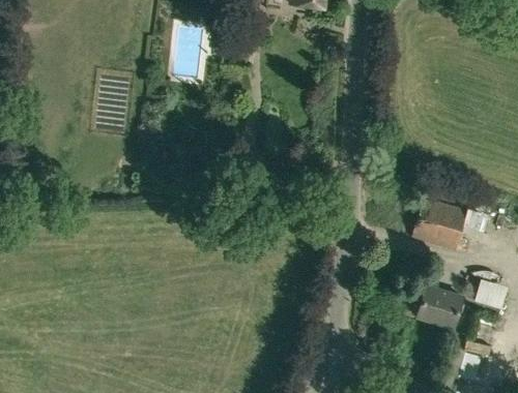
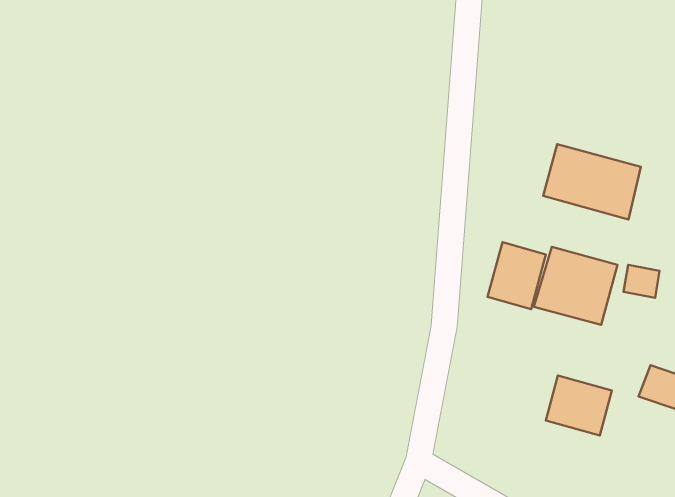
building: none -> [543,144,641,220]
building: none -> [487,242,546,309]

